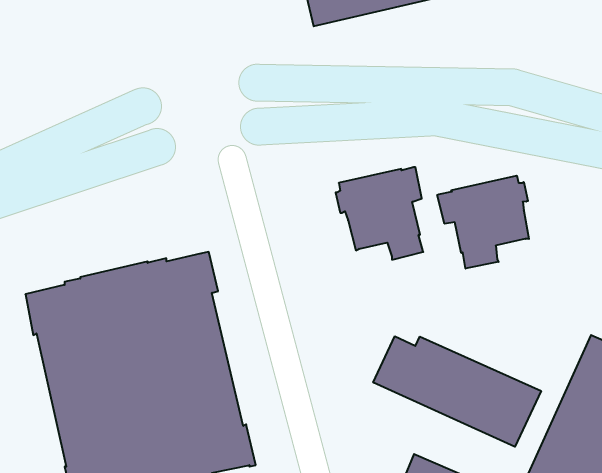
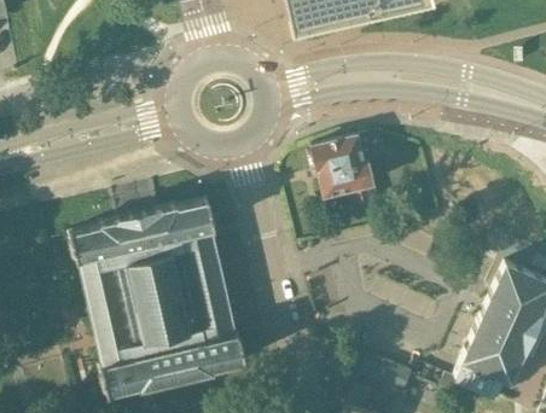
building: [437,176,529,269] -> none
building: [373,336,541,447] -> none

